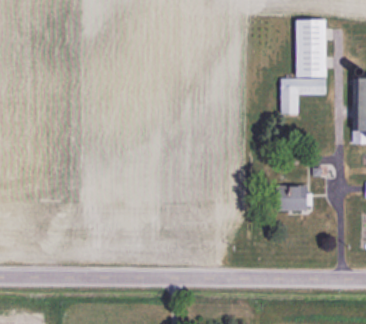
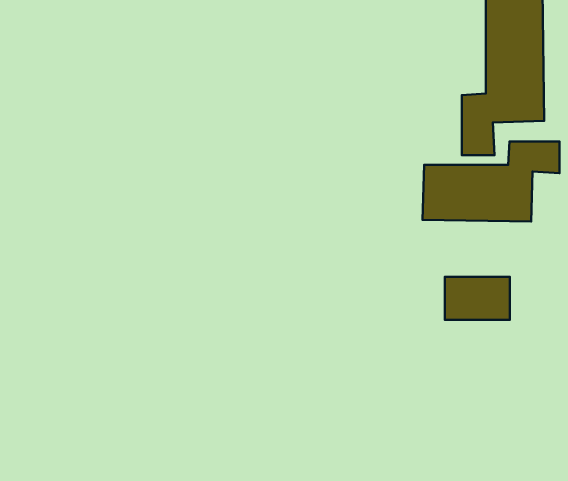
building: none -> [423,141,560,222]

